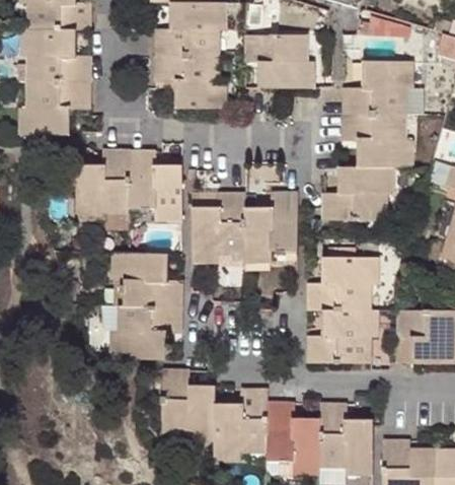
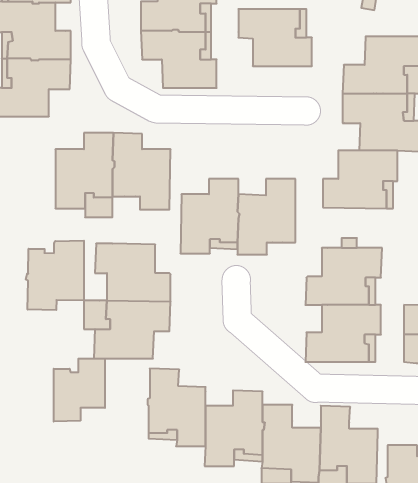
building: none -> [26,241,84,310]
building: none -> [54,359,105,422]

